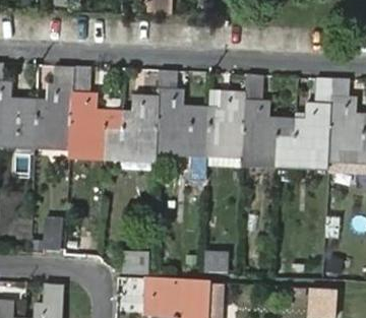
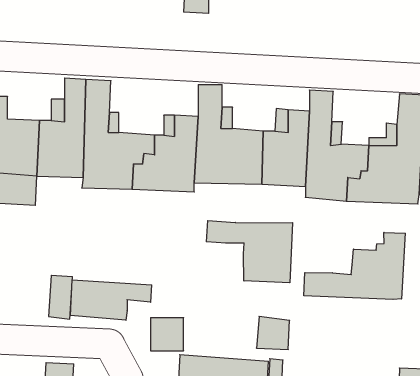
building: none -> [206,221,293,283]
building: none -> [304,232,405,299]
building: none -> [70,280,152,320]

